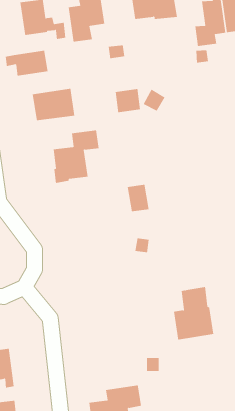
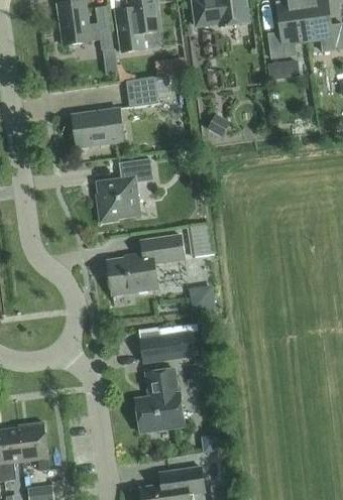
building: [5,50,48,76] -> none
building: [115,89,141,113] -> [126,77,157,106]
building: none -> [107,235,185,294]
building: none -> [140,332,193,363]
building: [173,287,214,340] -> [135,368,185,432]

